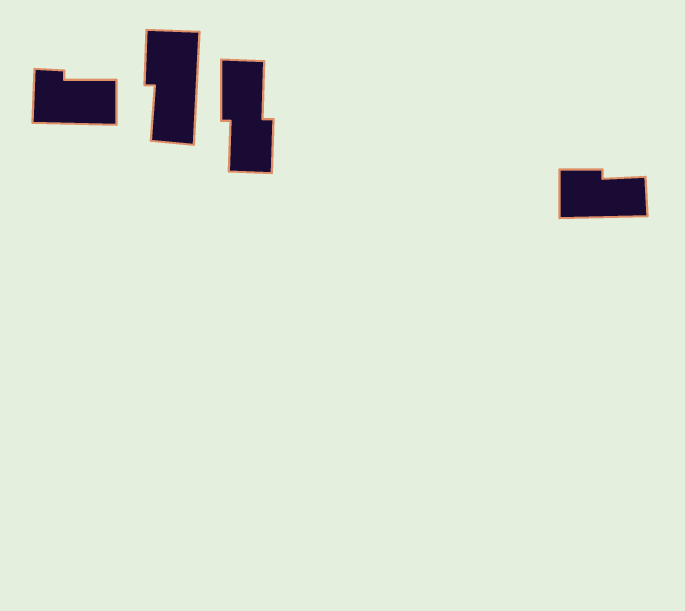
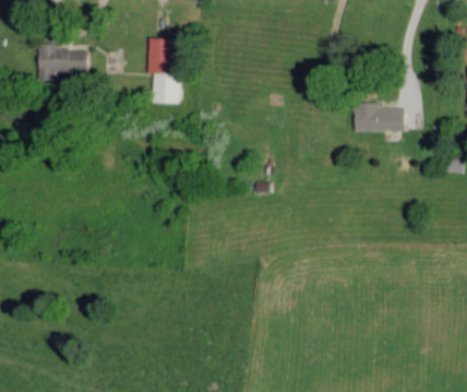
building: [145,30,200,145] -> none

